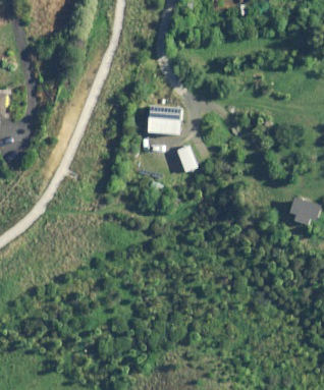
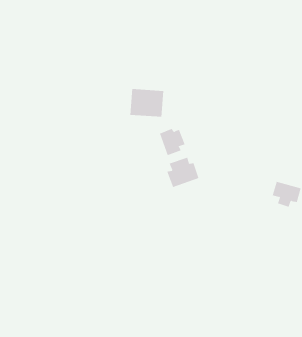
building: none -> [167,157,199,188]

